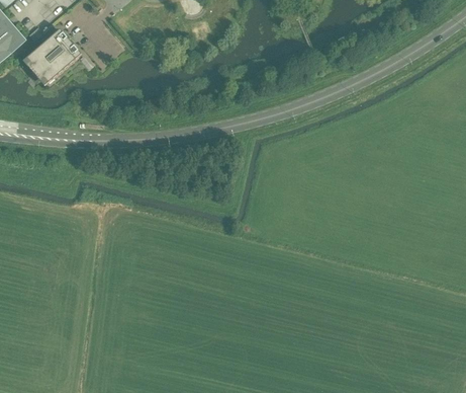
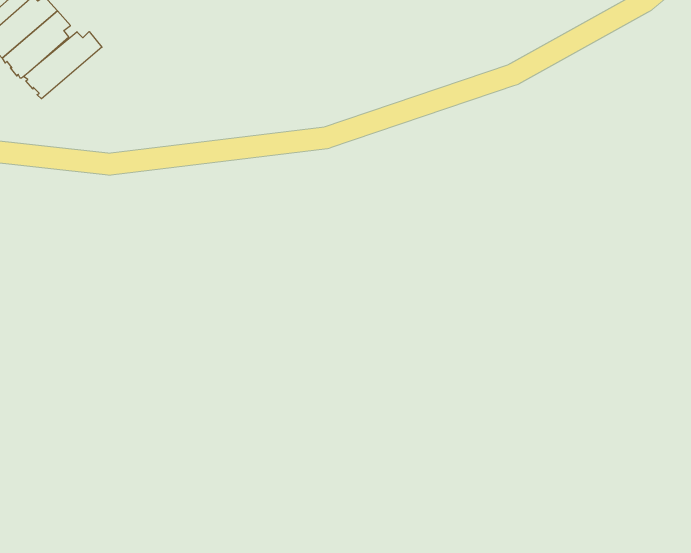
building: none -> [25,32,102,99]

